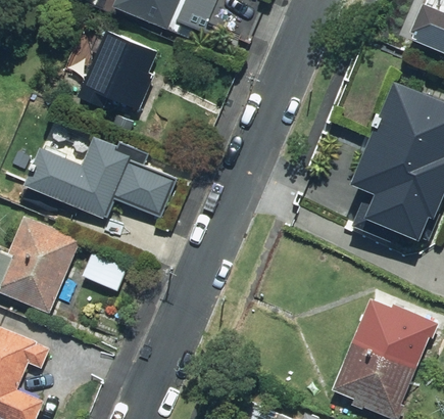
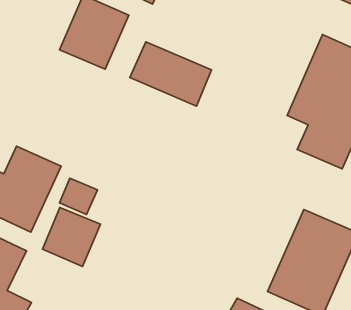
building: none -> [130,42,211,106]
building: [17,132,184,230] -> none
building: none -> [42,208,100,266]

